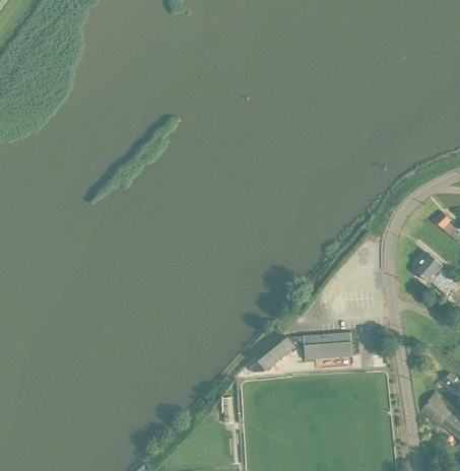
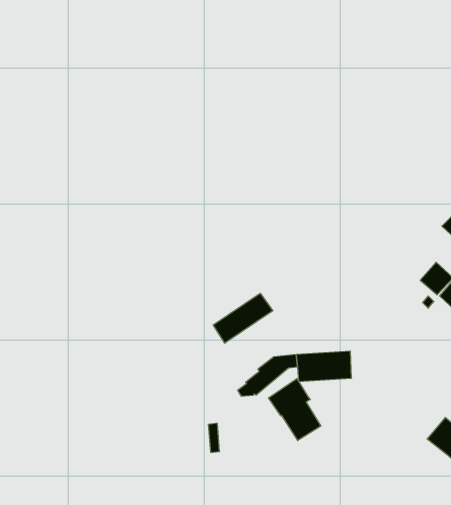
building: none -> [213,293,273,343]
building: none -> [269,379,321,441]

